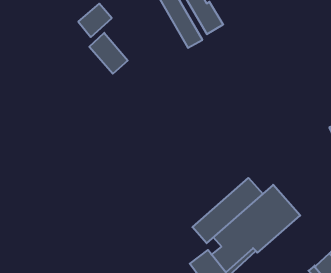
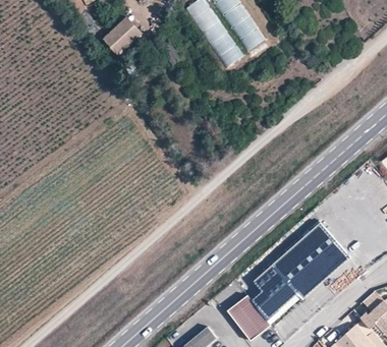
building: [89,33,128,74] -> none
building: [192,178,263,243] -> none

